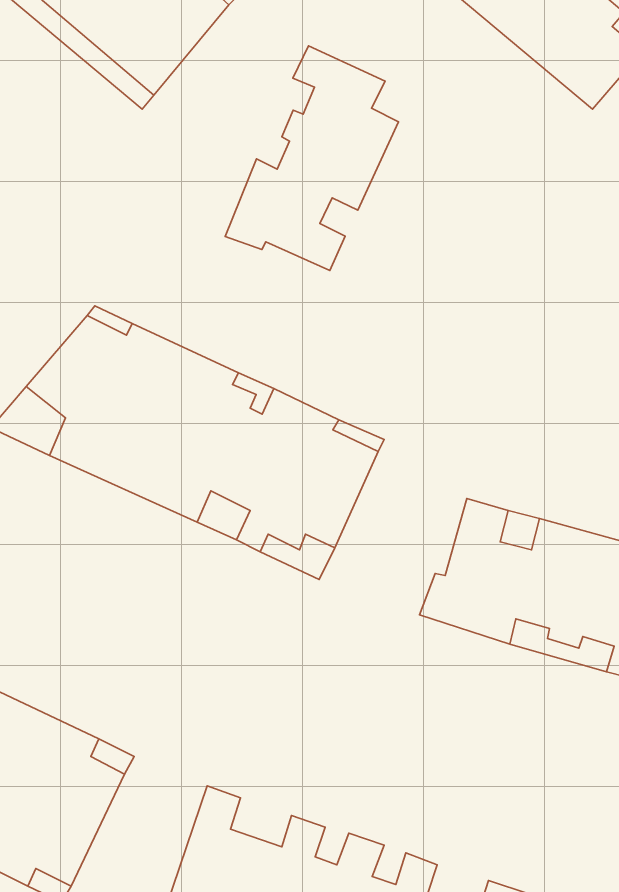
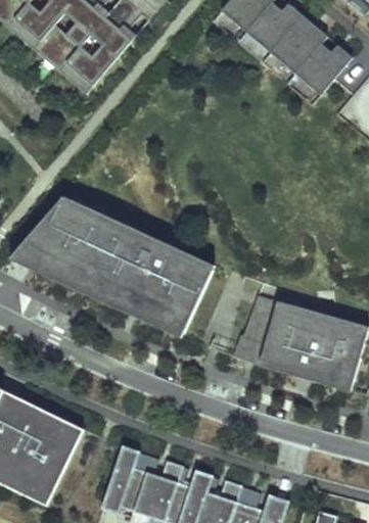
building: [225,46,398,271] -> none

